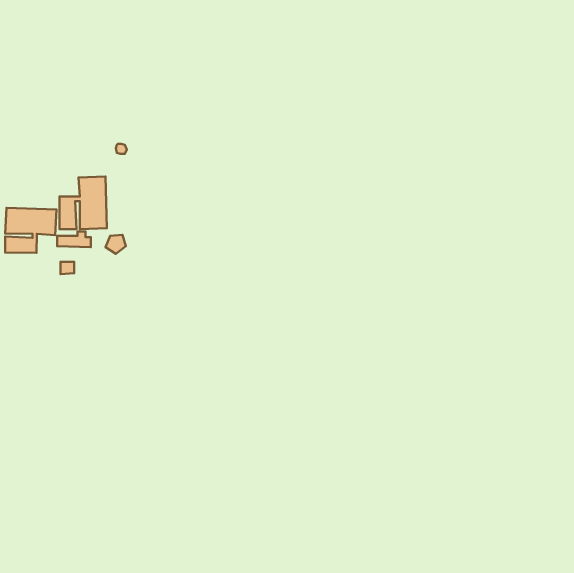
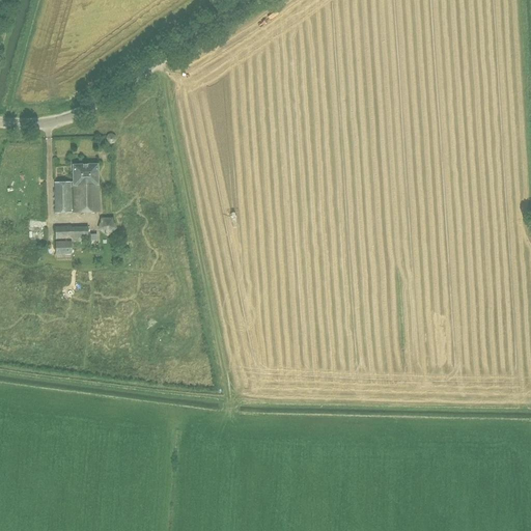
building: [5,208,57,253] -> none

